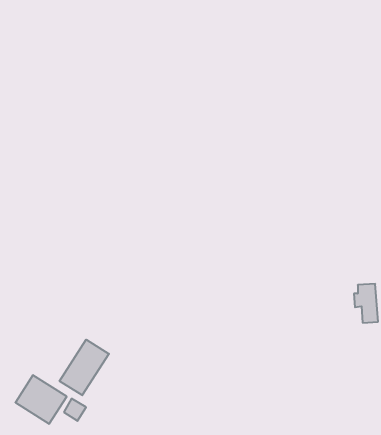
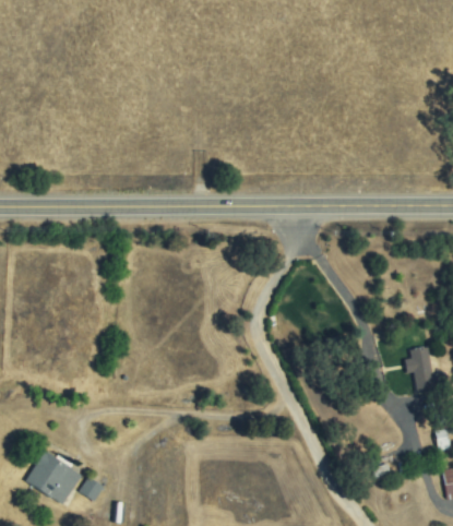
building: [60,340,109,395] -> none

